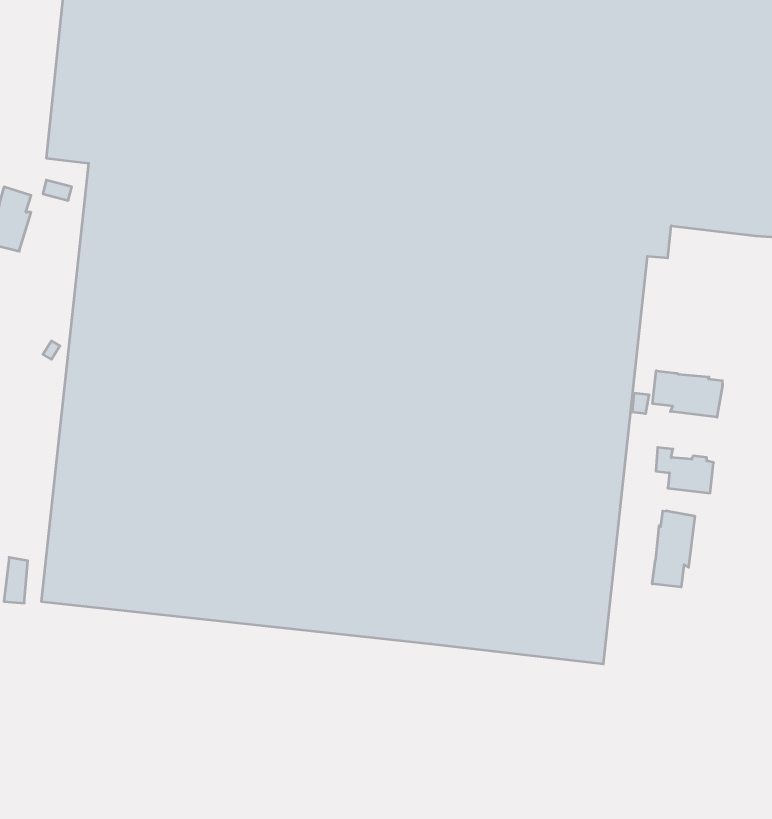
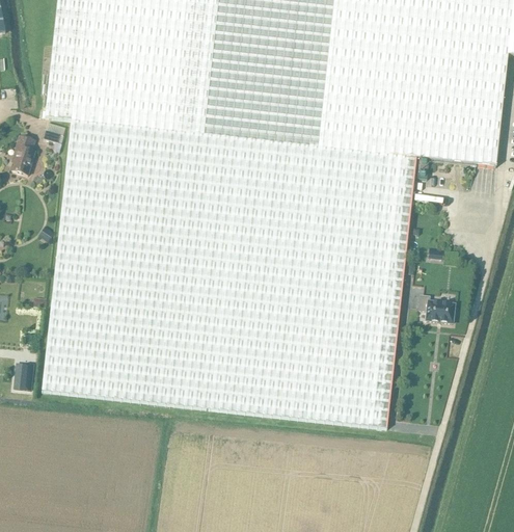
building: [653,371,722,417] -> none
building: [652,511,695,587] -> none

